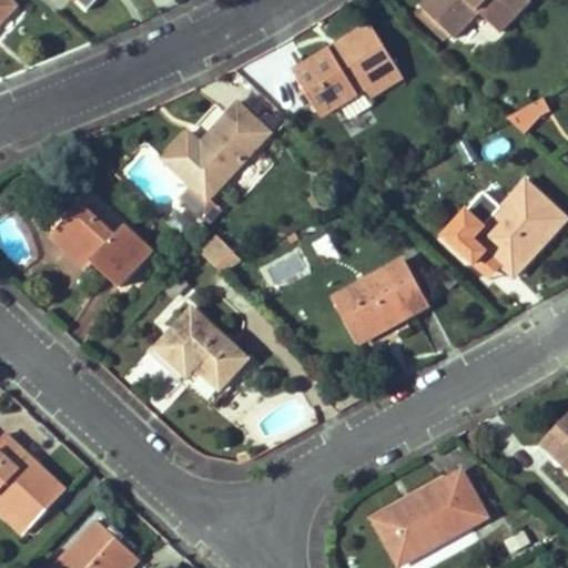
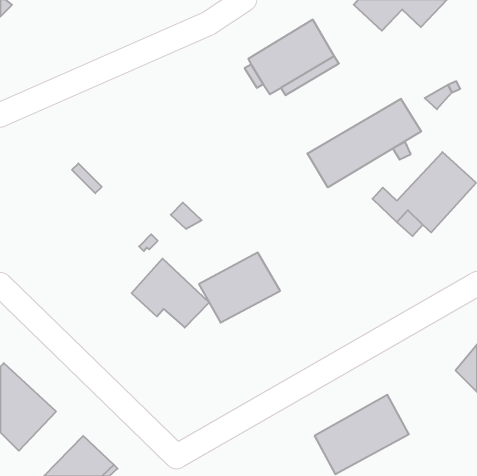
building: [163,103,270,220] -> none
building: none -> [307,99,421,187]
building: [52,204,154,285] -> none
building: [334,257,430,341] -> [199,253,280,323]

